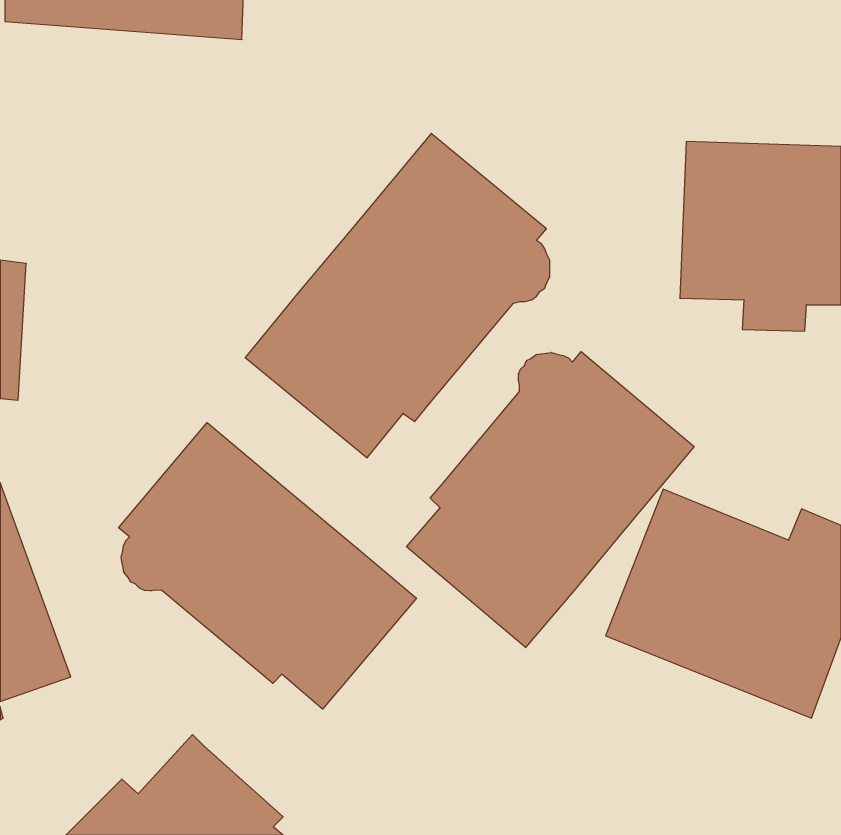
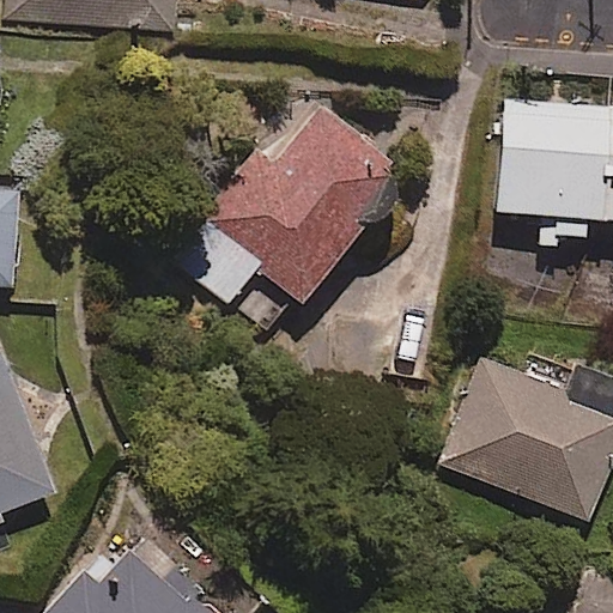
building: [407,352,694,648] -> none
building: [119,423,416,709] -> none

